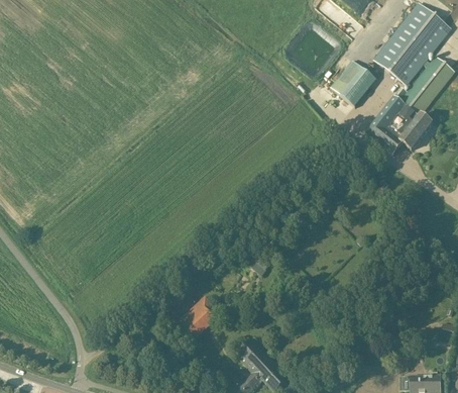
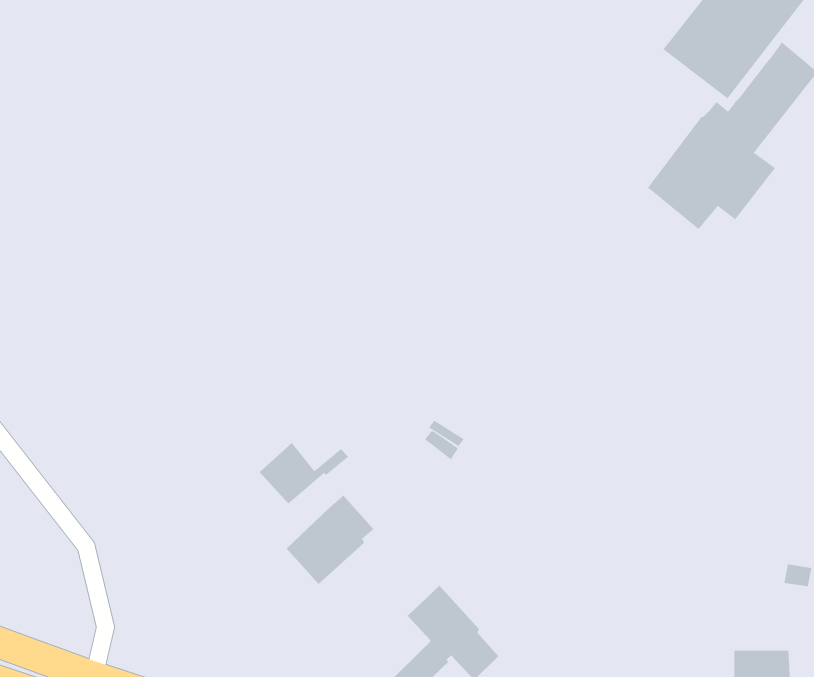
building: [330,60,377,107] -> none
building: none -> [259,442,349,504]

